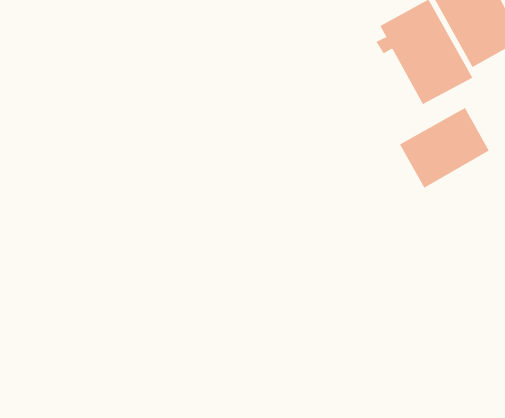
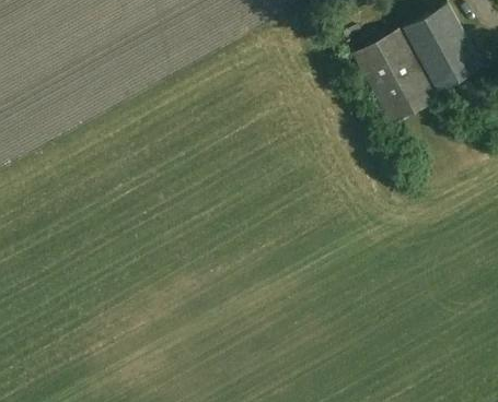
building: [399,107,489,189] -> none

